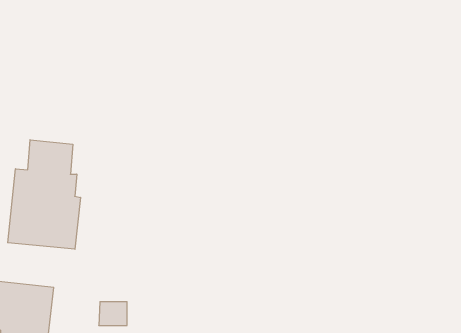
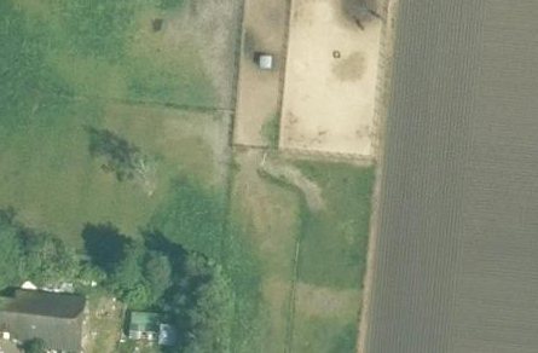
building: [8,140,81,249] -> none

